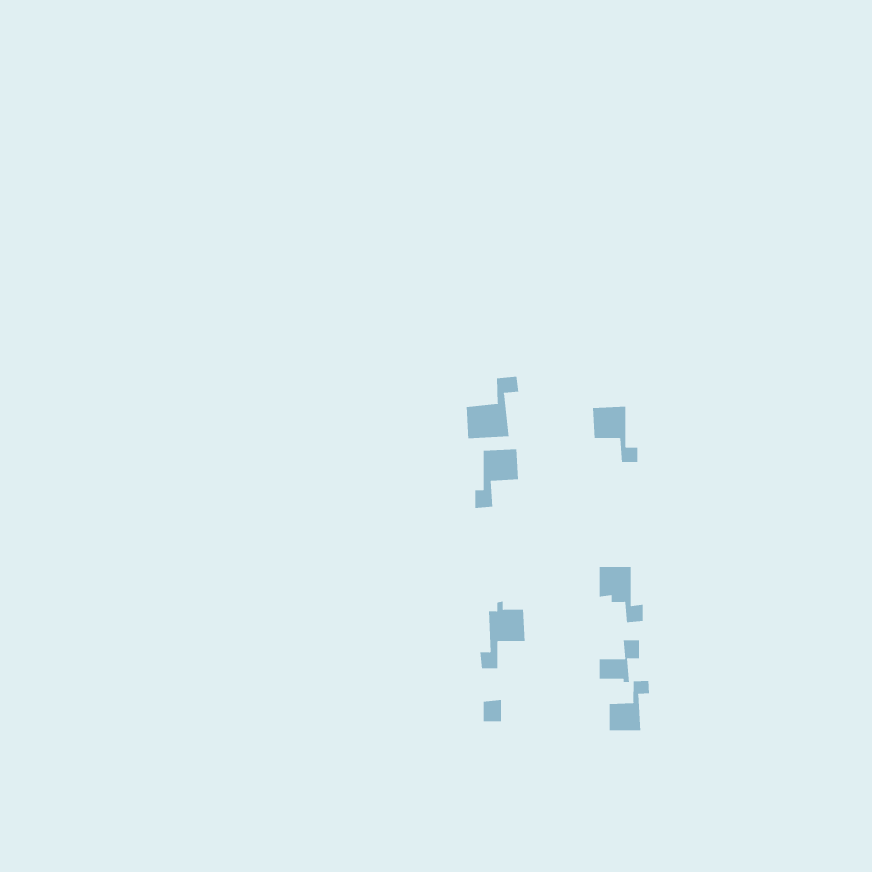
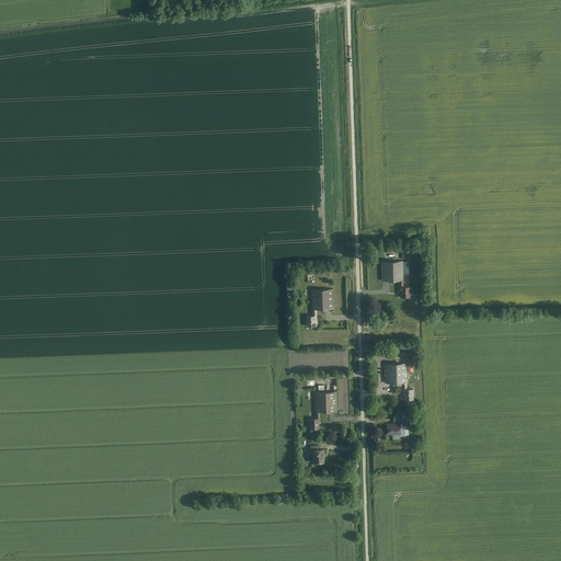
building: [466,376,519,439] -> none
building: [609,680,650,731] -> none

